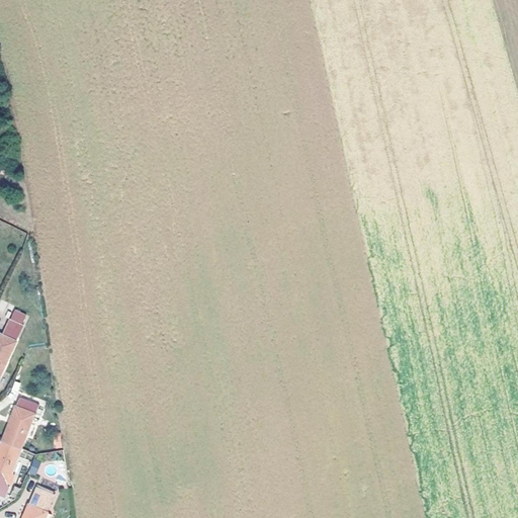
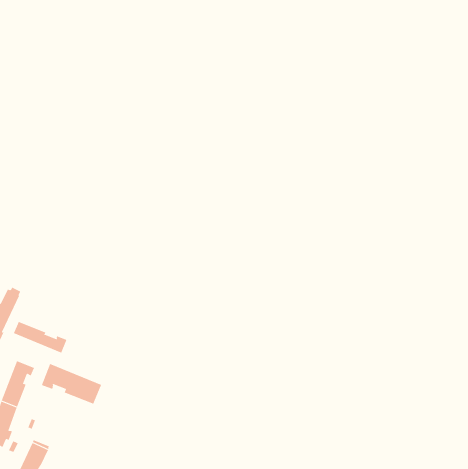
building: none -> [13,321,67,353]
building: none -> [41,363,102,405]

